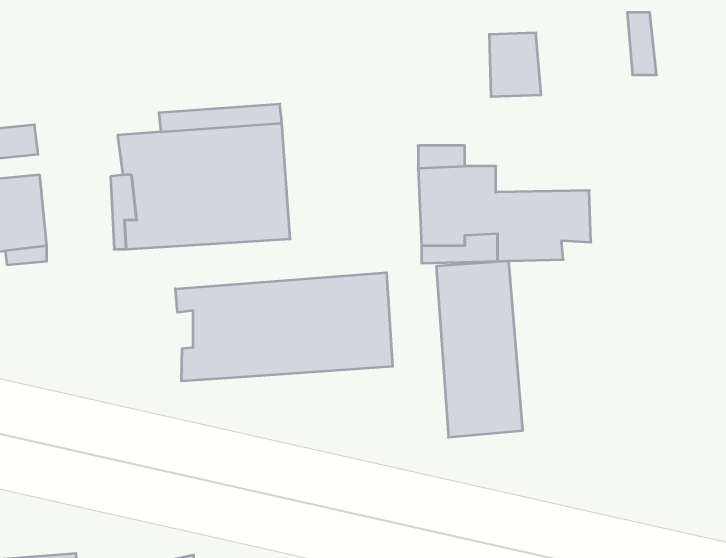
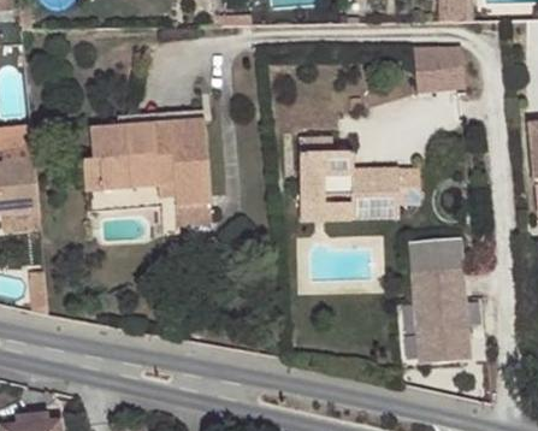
building: [489,33,541,97] -> [412,45,448,89]
building: [436,261,523,437] -> [409,240,469,362]
building: [175,273,393,381] -> none

